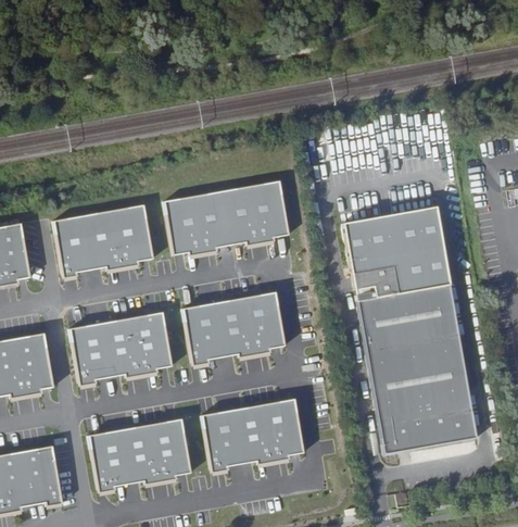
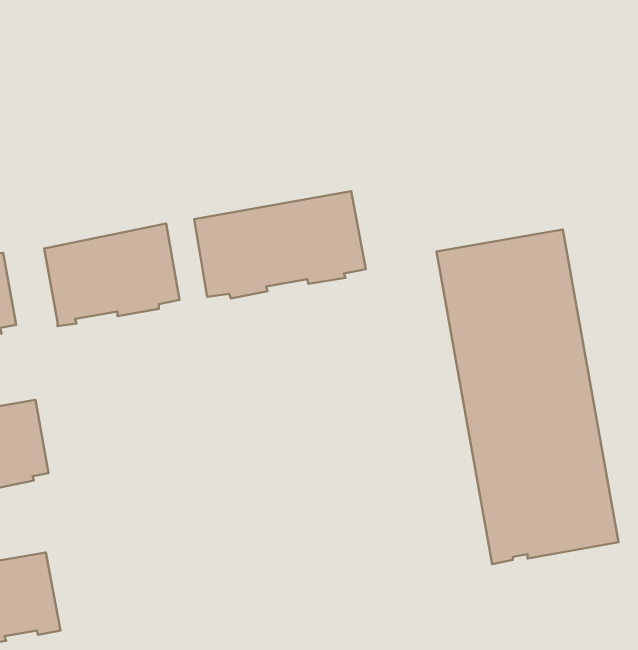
building: [184,290,287,364] -> none
building: [70,311,173,385] -> none
building: [202,398,305,472] -> none
building: [89,417,191,491] -> none

